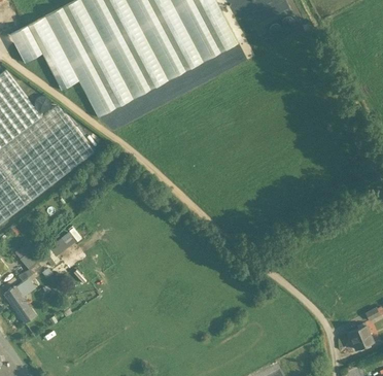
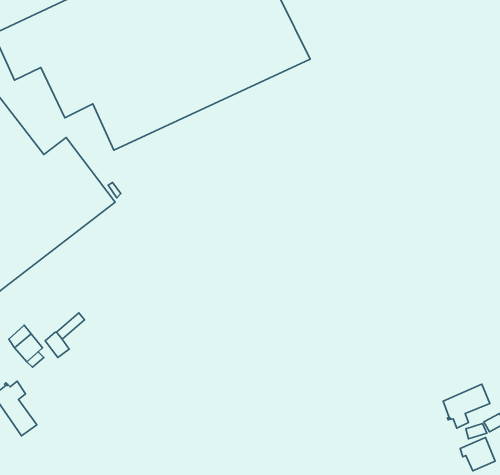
building: none -> [443,384,490,428]

